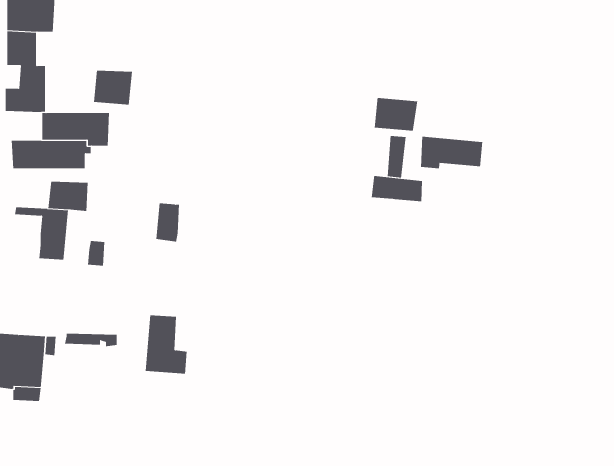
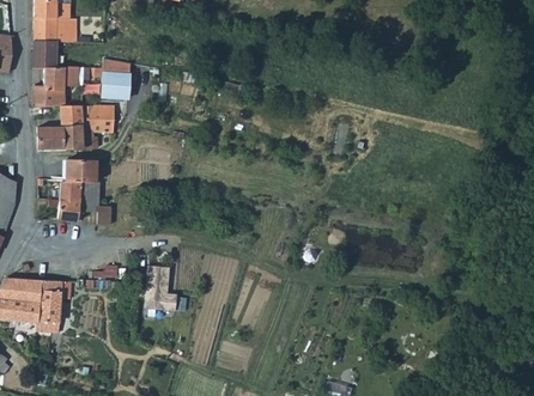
building: [374,97,418,131] -> none
building: [420,136,483,169] -> none
building: [371,175,422,202] -> none
building: [156,203,180,242] -> [80,181,99,212]

